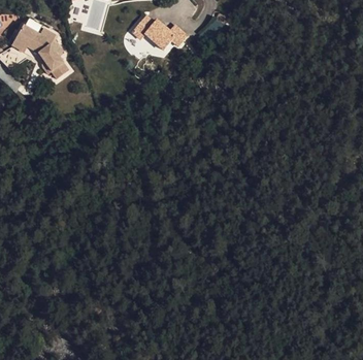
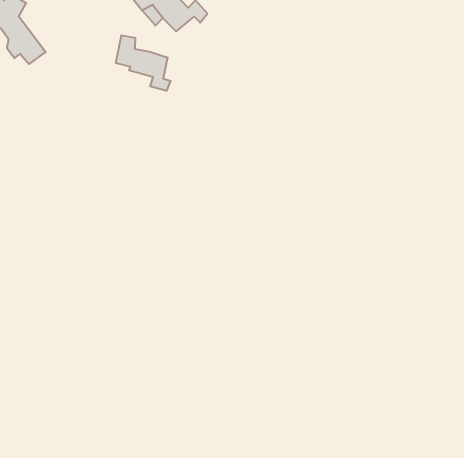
building: none -> [116,35,171,91]

